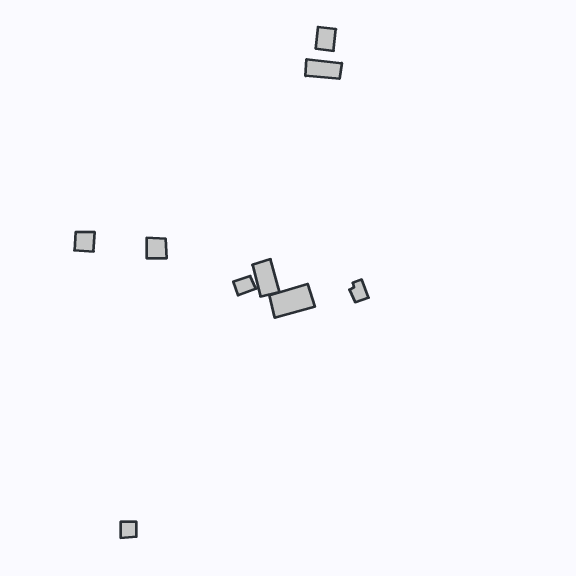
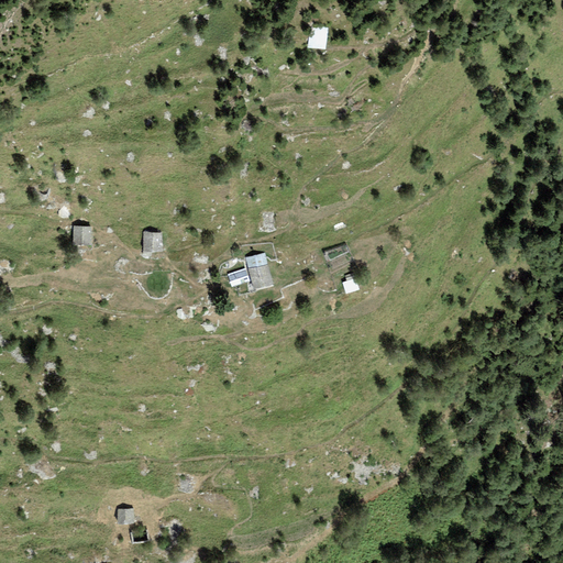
building: [306,59,342,79] -> none
building: [270,284,315,318] -> none

